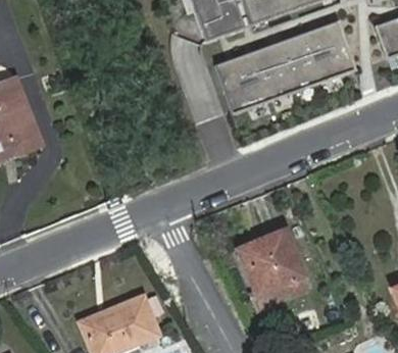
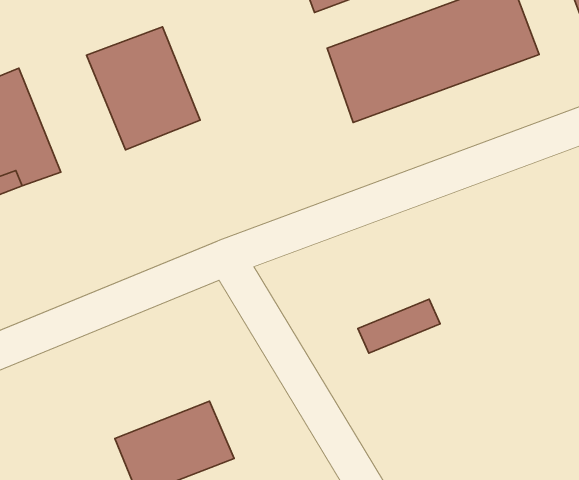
building: none -> [87,27,200,150]
building: [245,245,304,294] -> none

